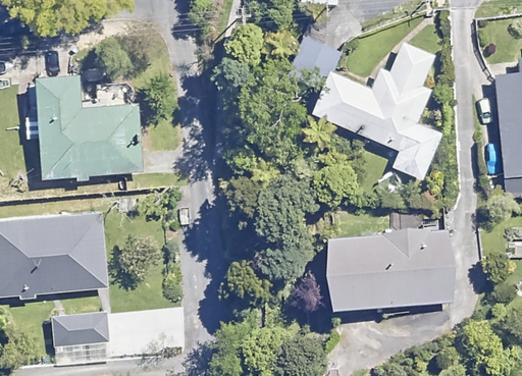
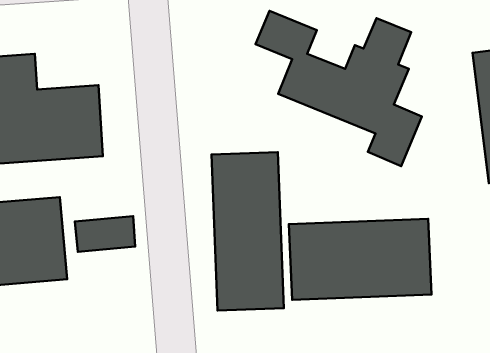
building: none -> [211,152,284,311]
building: [54,313,111,346] -> [75,216,135,252]

